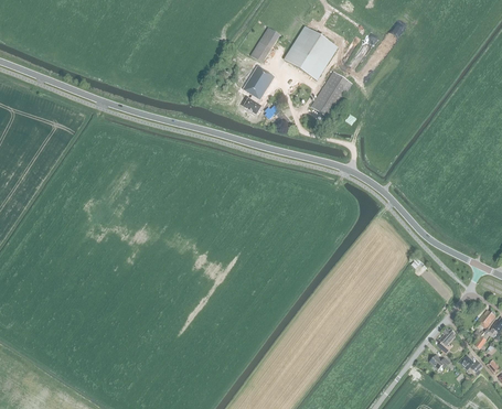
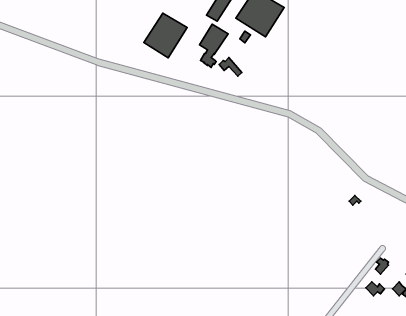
building: none -> [144,13,187,58]
building: [311,71,352,118] -> none

